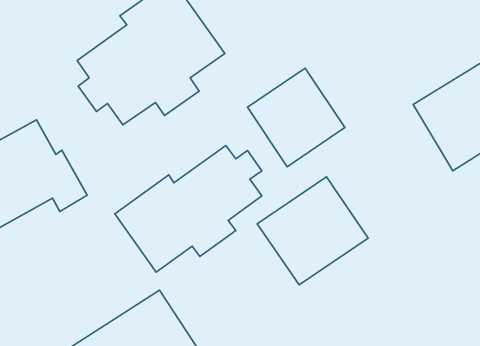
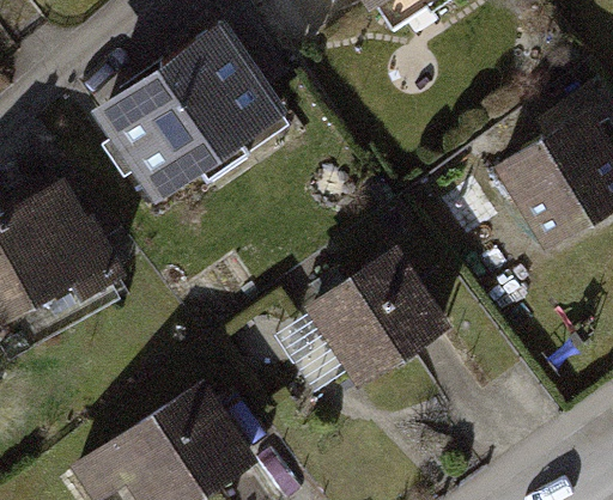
building: [247,68,345,167] -> none
building: [115,145,262,272] -> none

